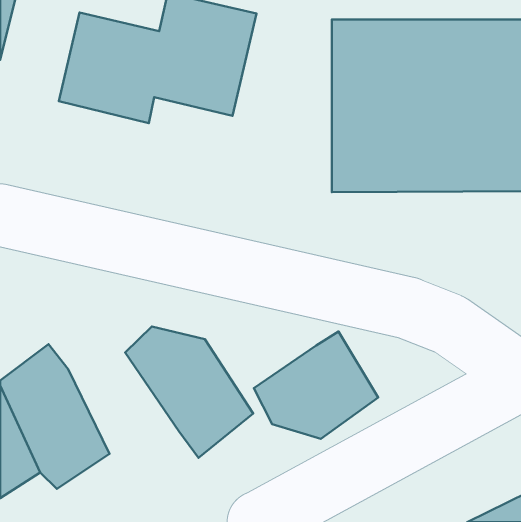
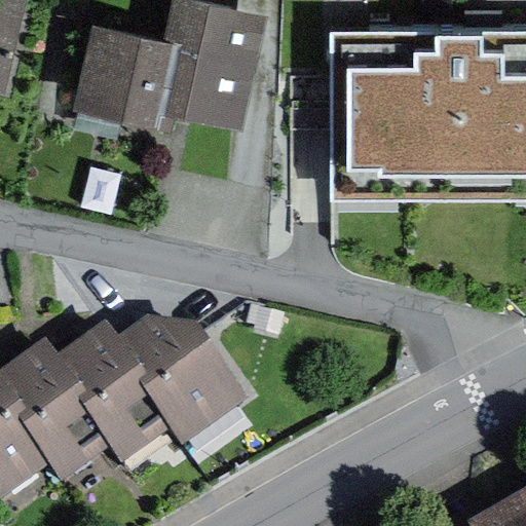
building: [254,332,378,439] -> none
building: none -> [75,333,185,466]

